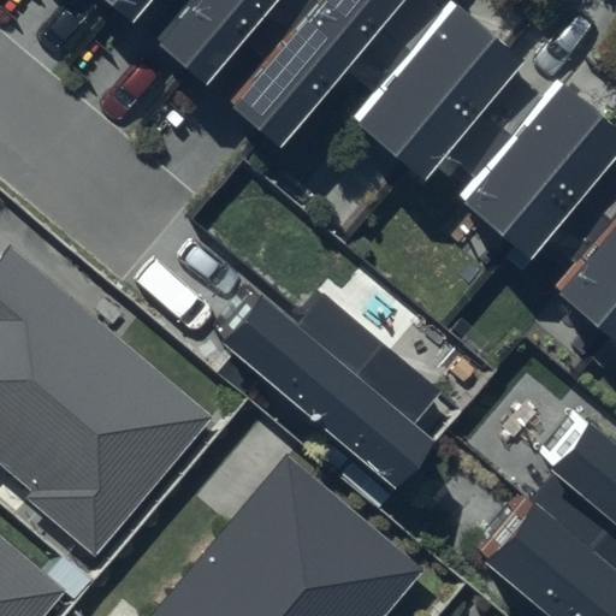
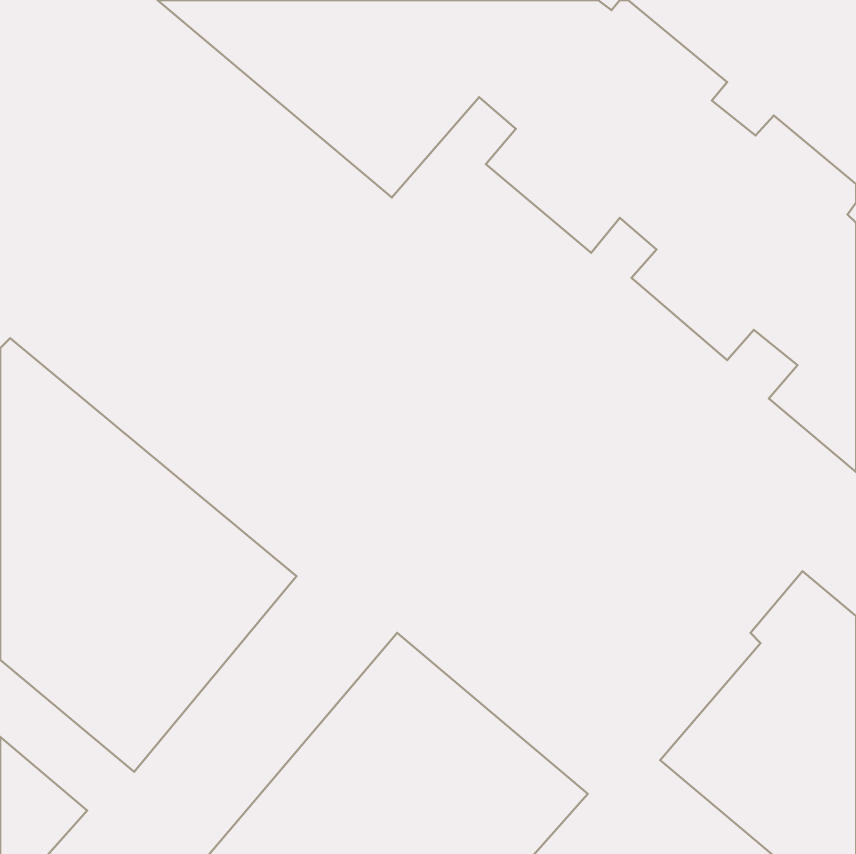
building: [223,296,440,491] -> none

